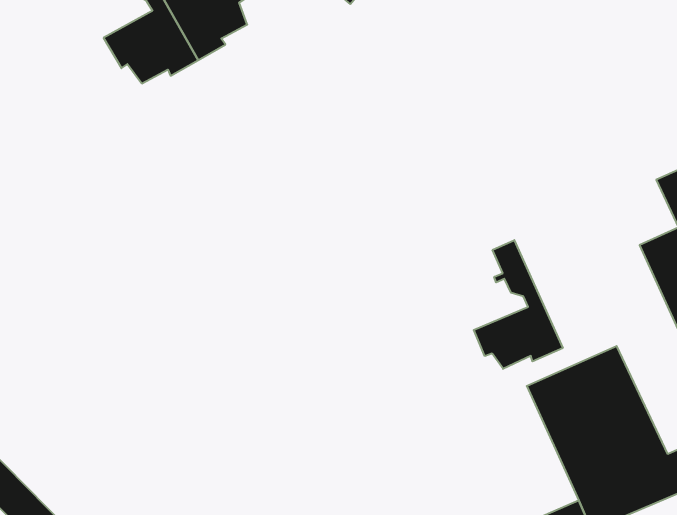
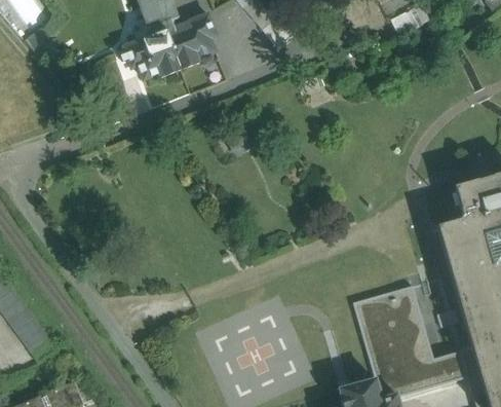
building: [474,240,563,369] -> none

